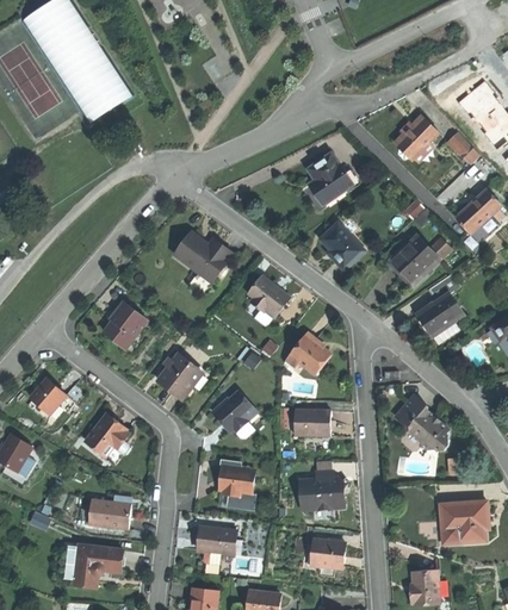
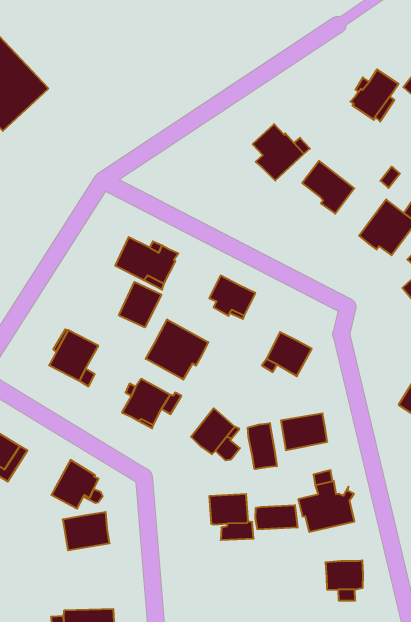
building: [320,222,364,269] -> [302,161,354,214]
building: none -> [119,282,161,327]
building: none -> [146,319,208,380]
building: none -> [248,423,277,469]
building: none -> [256,505,297,529]
building: [89,500,128,528] -> [63,512,110,550]
building: [196,525,234,554] -> none

